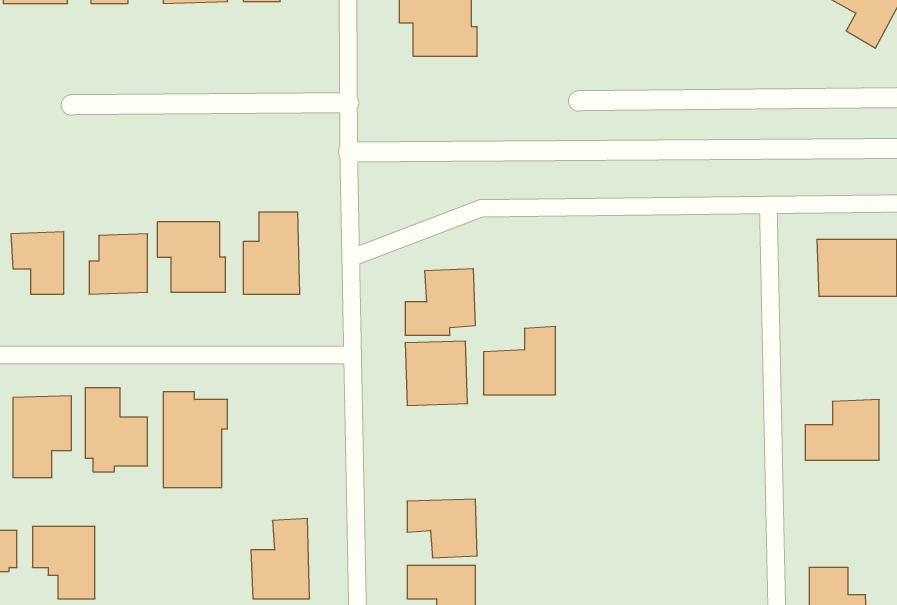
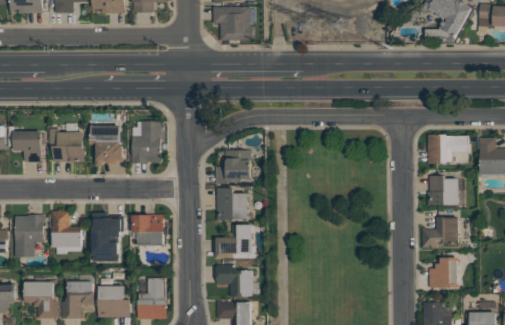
building: none -> [427,174,459,205]
building: [483,326,556,395] -> [216,223,253,258]
building: none -> [133,214,164,245]
building: none -> [428,256,460,288]
building: none -> [62,281,95,317]
building: none -> [99,285,131,317]

